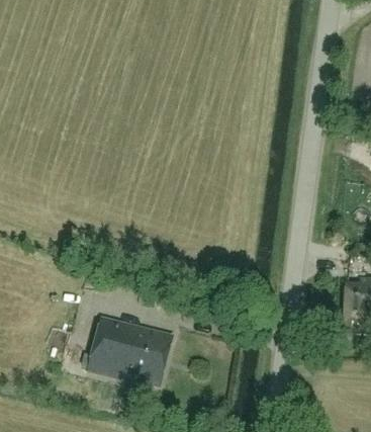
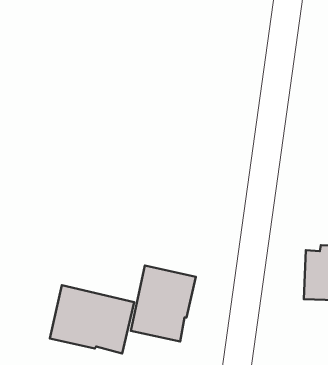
building: none -> [131,265,196,341]

